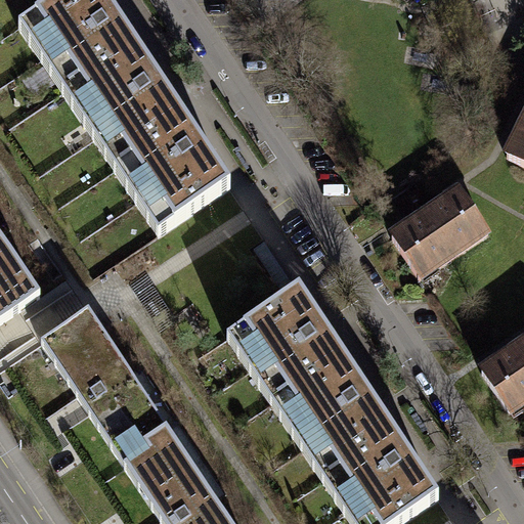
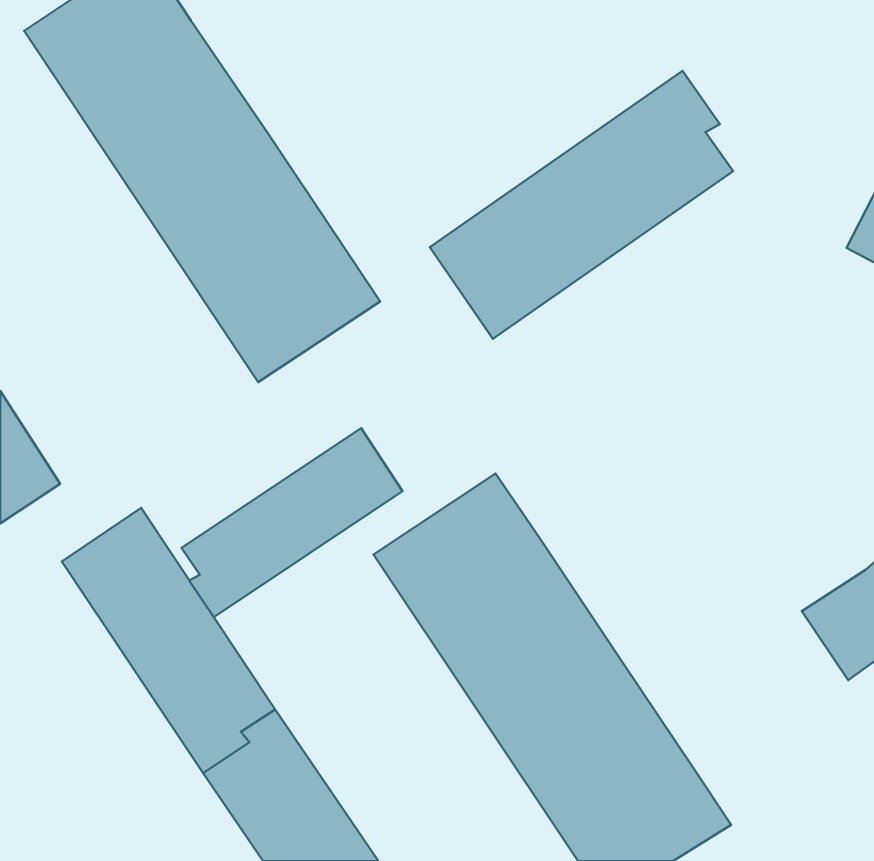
building: none -> [430,71,733,339]
building: [390,183,486,270] -> none
building: none -> [181,428,403,617]

